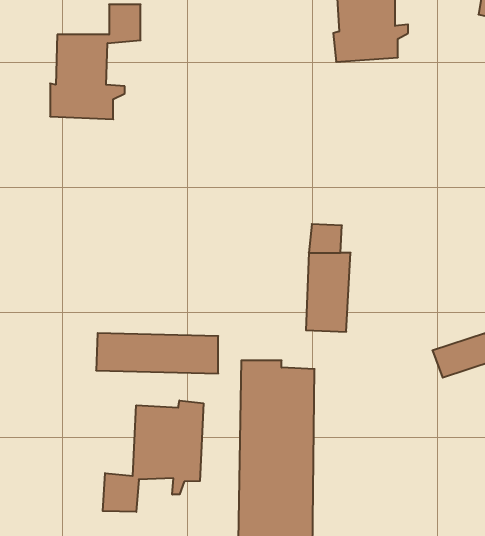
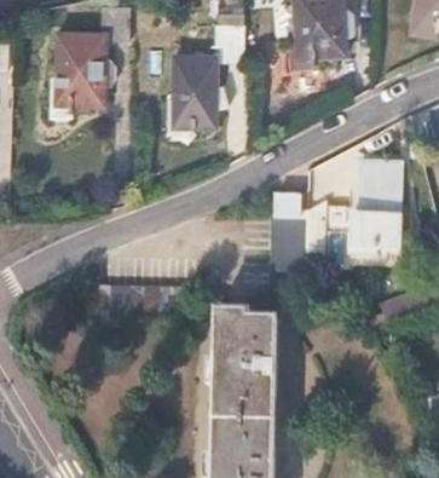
building: none -> [171,27,244,126]
building: none -> [351,161,410,249]
building: [103,400,203,512] -> none

